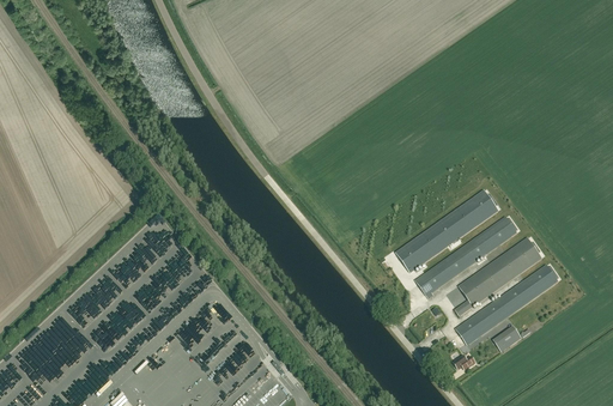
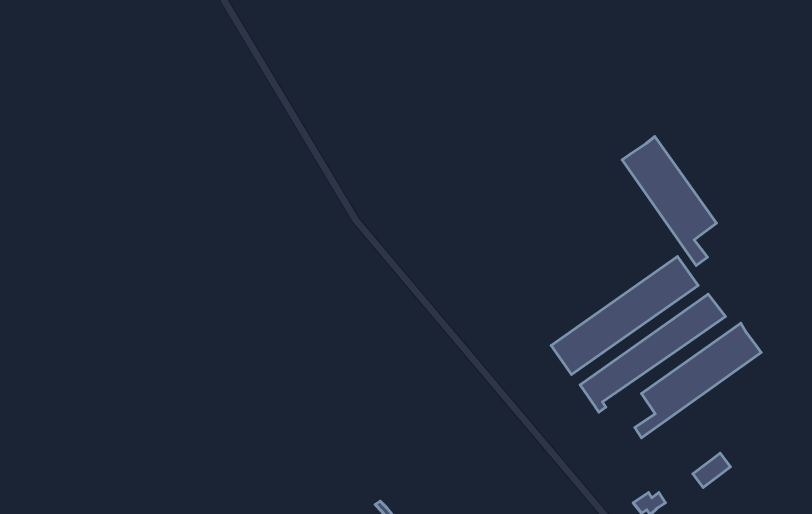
building: none -> [622,136,717,265]
building: [454,263,557,344] -> none

